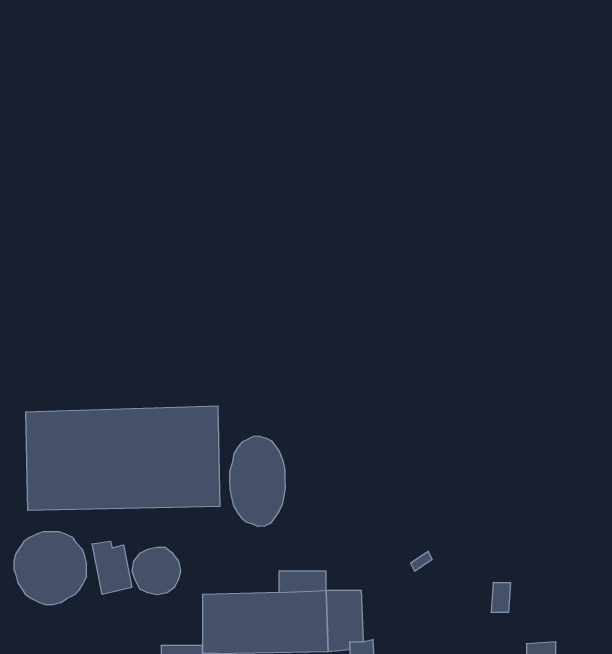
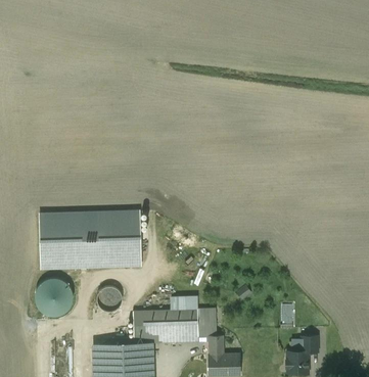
building: [230,436,285,527] -> none
building: [92,541,132,594] -> none

